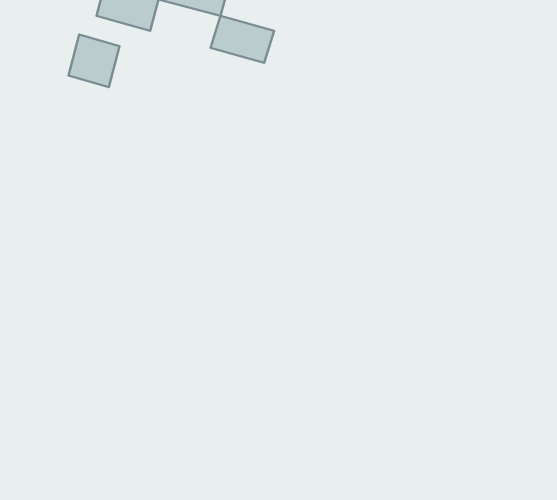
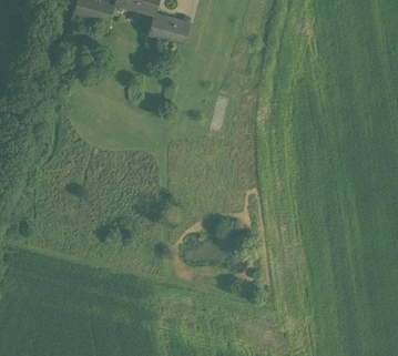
building: [68,35,119,87] -> none

